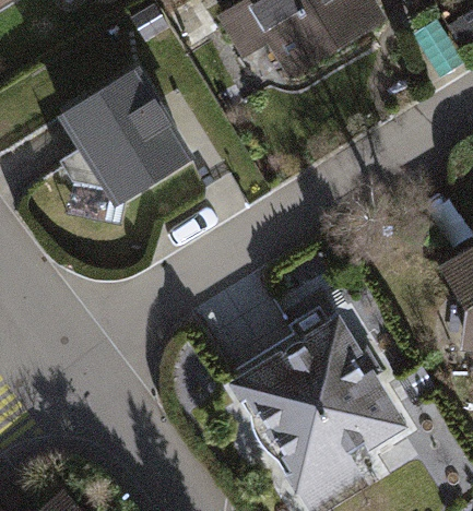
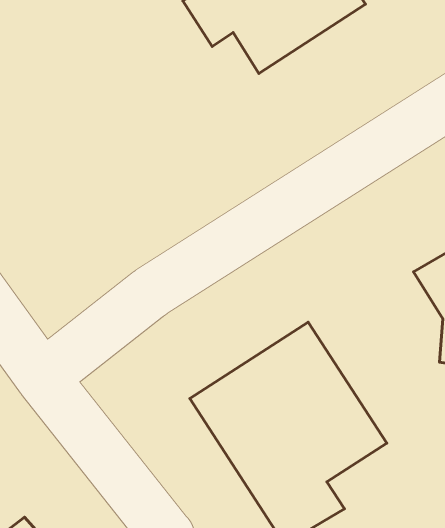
building: [55,67,192,200] -> none

